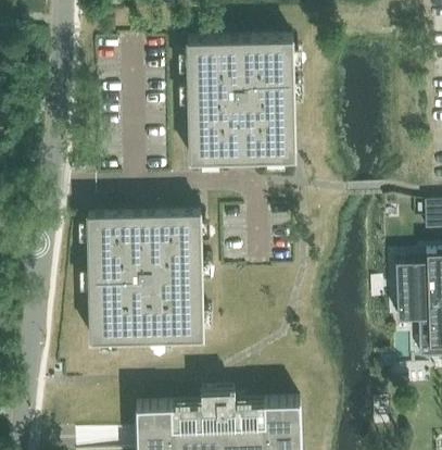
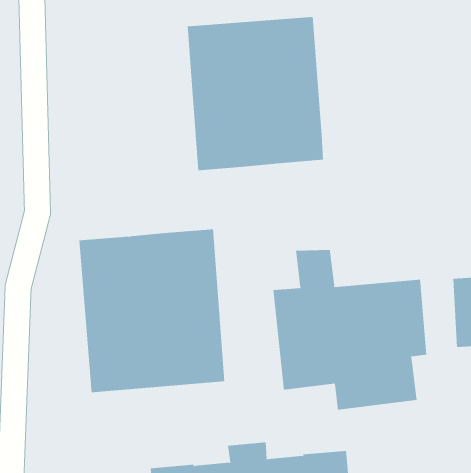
building: none -> [273,249,427,410]

